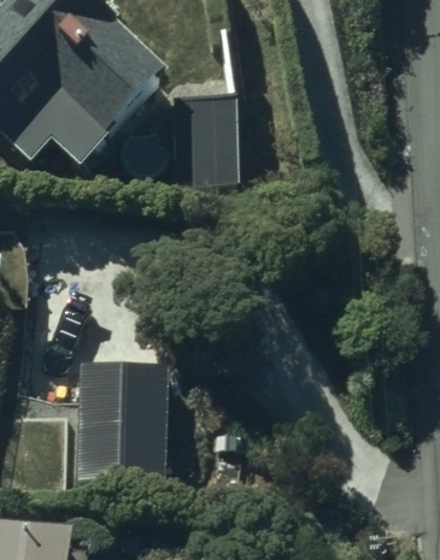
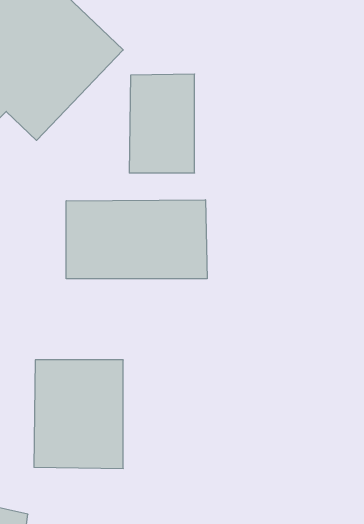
building: none -> [66,200,207,279]

